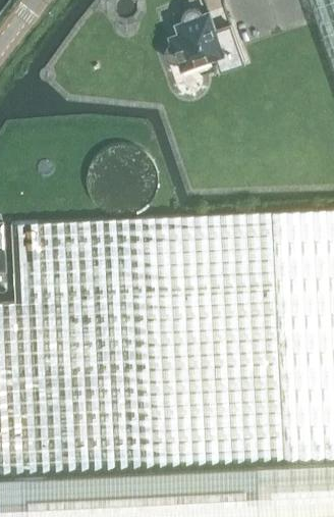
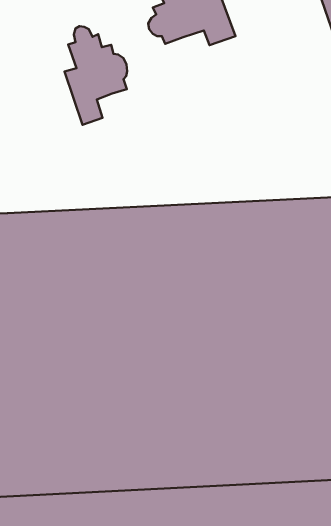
building: none -> [65,26,127,125]

